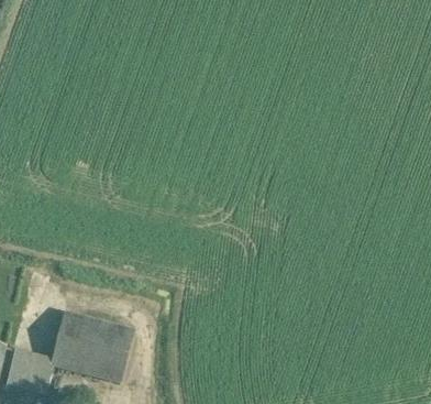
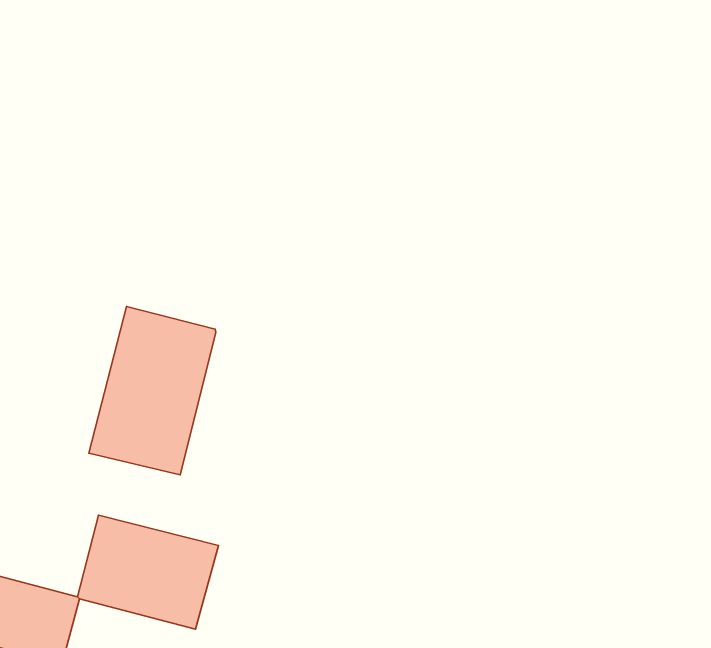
building: none -> [89,307,216,475]

